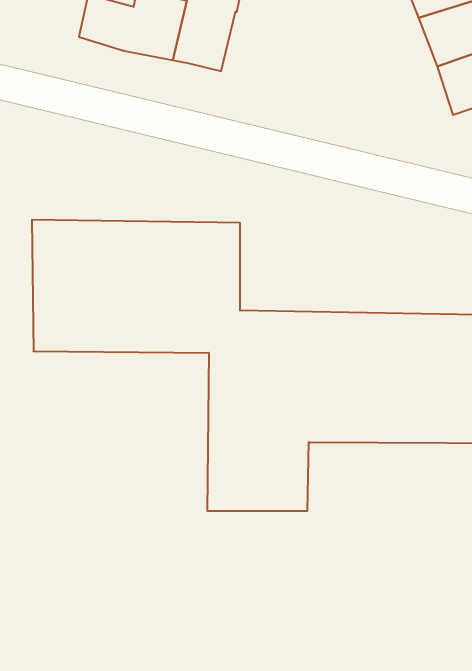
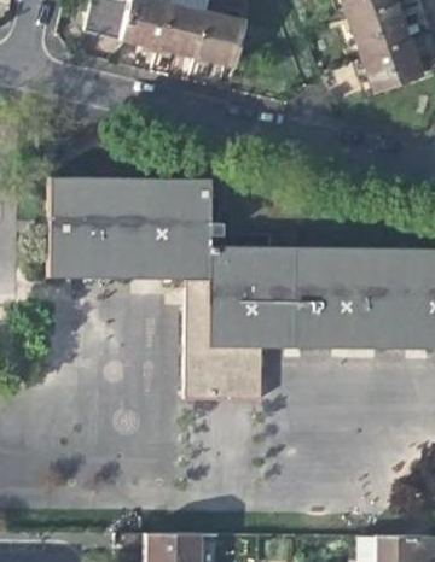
building: none -> [198,14,245,68]

